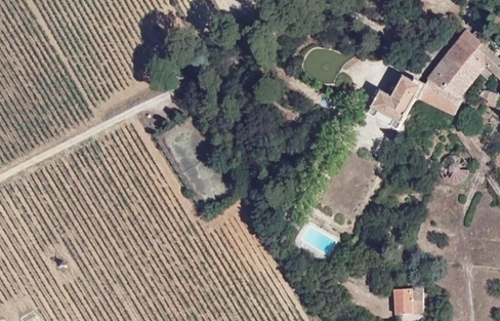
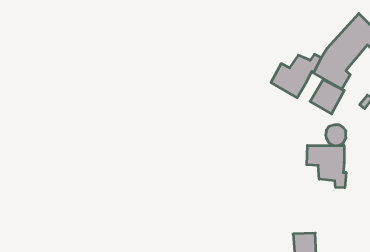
building: none -> [310,79,344,114]
building: none -> [307,145,346,188]

